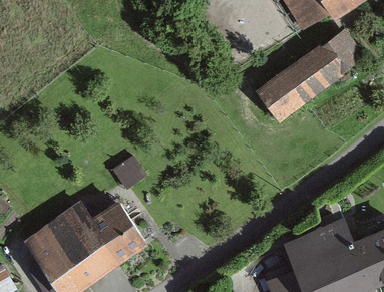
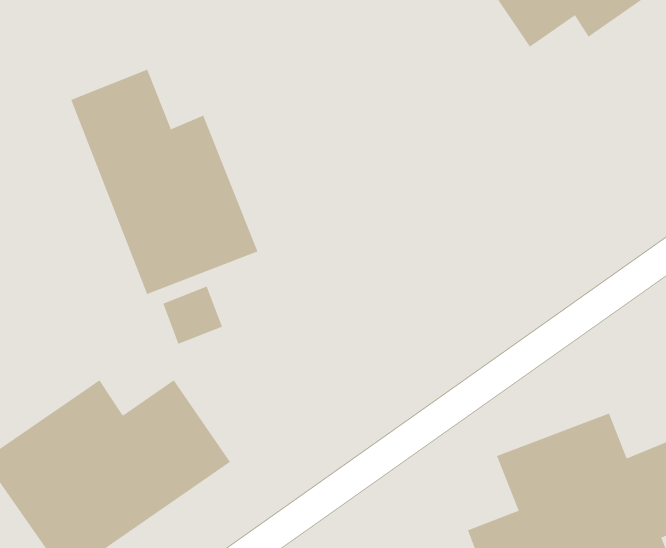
building: [259,30,366,120] -> none
building: none -> [70,69,258,295]

